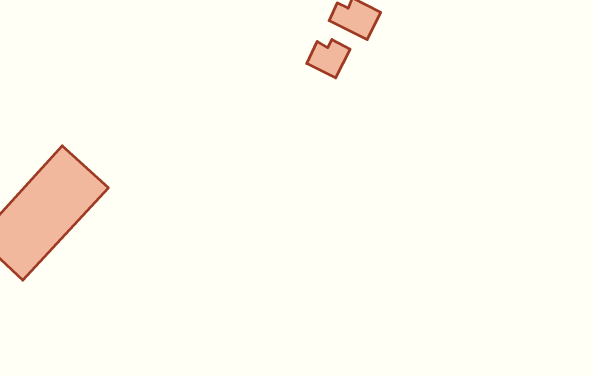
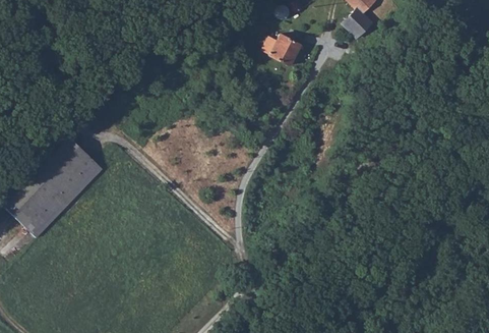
building: [307,39,350,78] -> none

